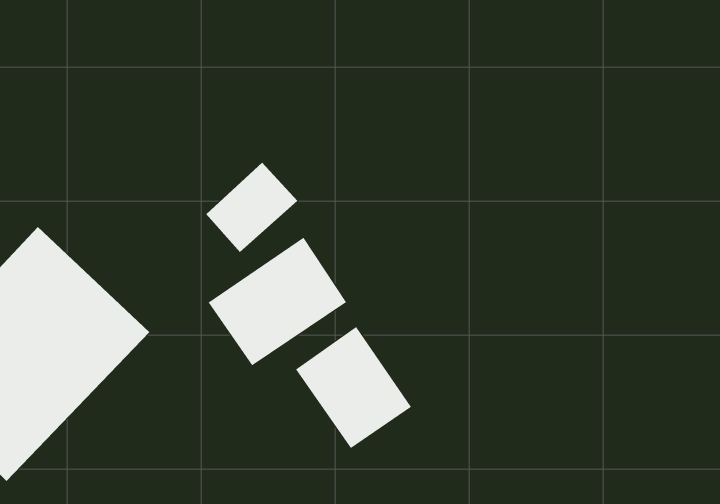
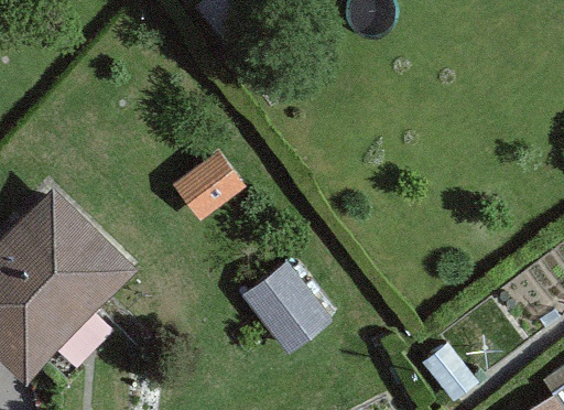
building: [208,237,347,366] -> none

